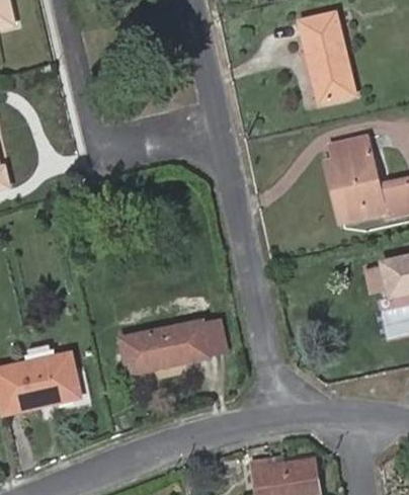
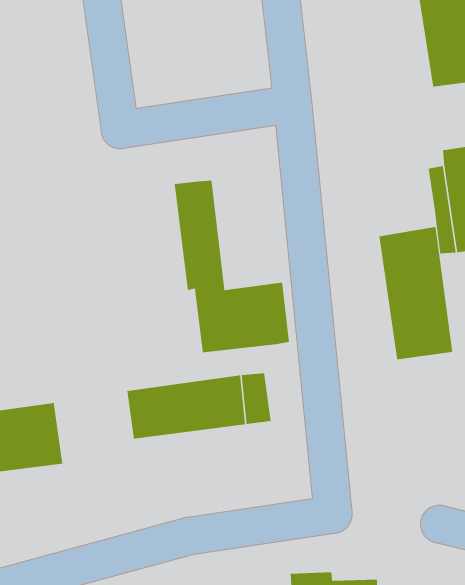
building: none -> [174,180,290,353]
building: none -> [379,226,453,360]

